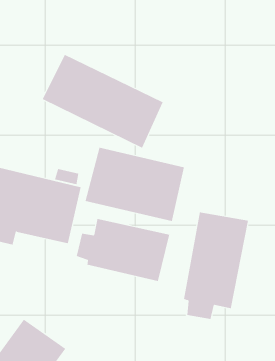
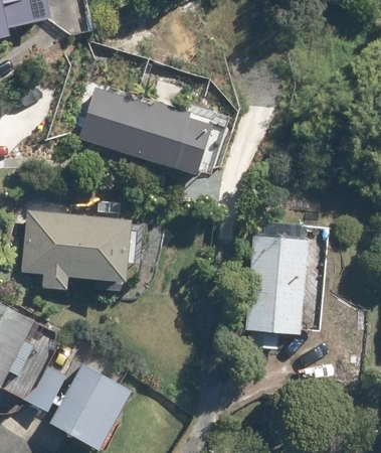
building: [85,147,185,222] -> none
building: [76,218,170,282] -> none

